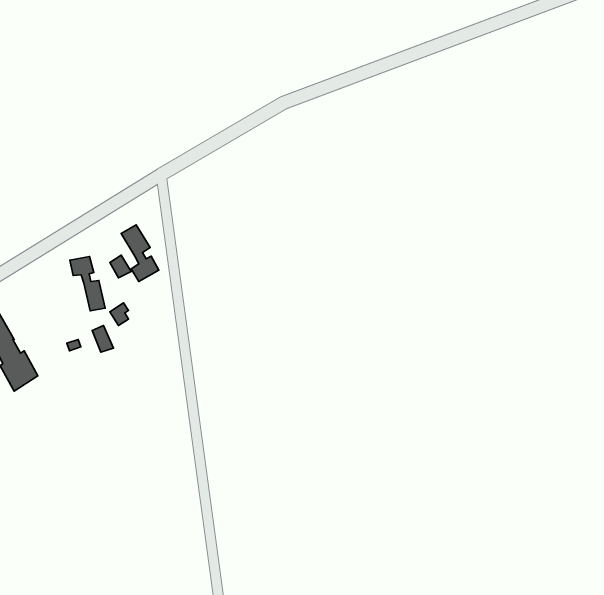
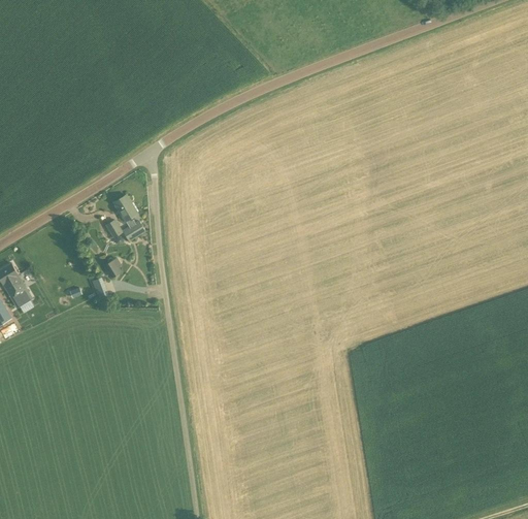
building: [70,256,105,311] -> none

